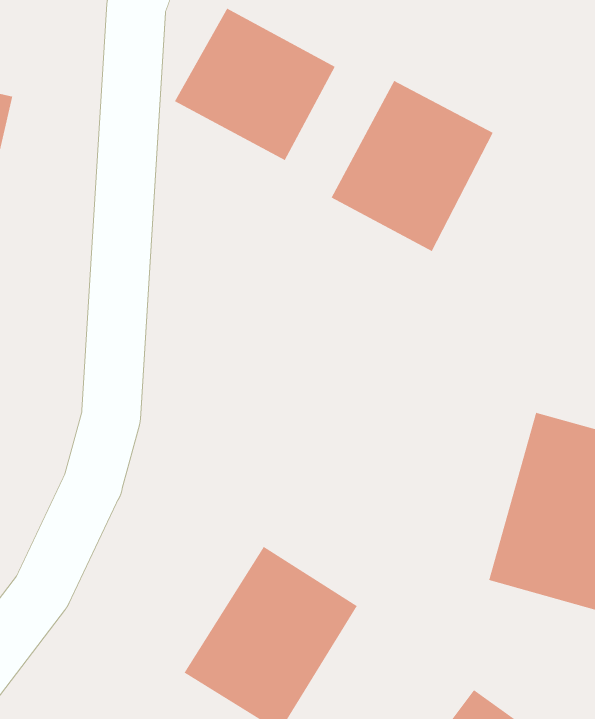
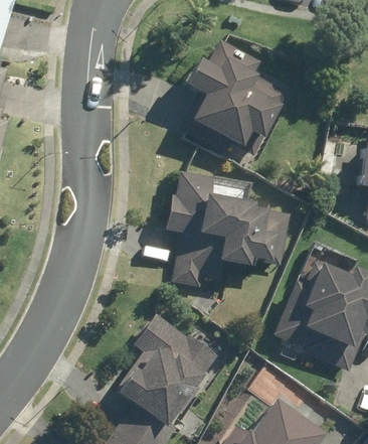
building: [174,7,336,161] -> none
building: none -> [149,183,294,282]

